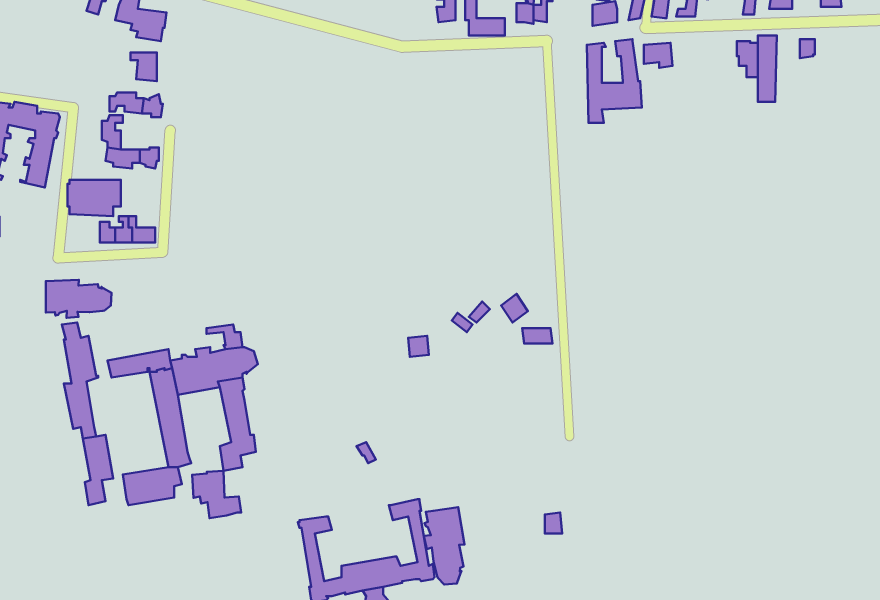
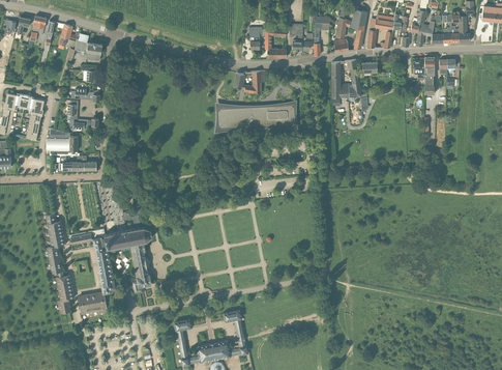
building: none -> [232,70,263,92]
building: none -> [216,106,294,127]
building: [46,280,112,318] -> none
building: [192,471,241,518] -> none
building: [424,507,465,585] -> none

